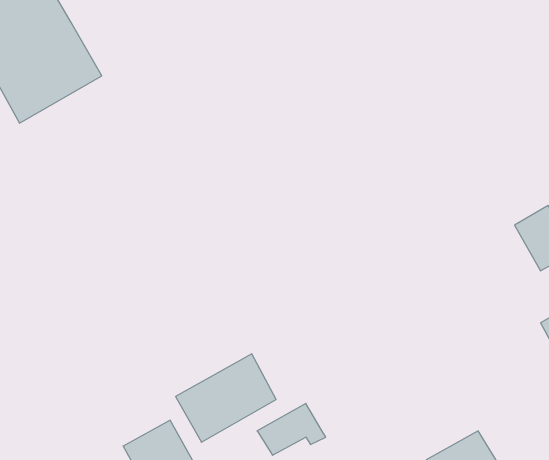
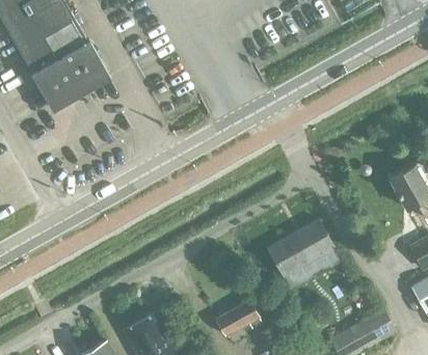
building: [176,354,276,442] -> [266,219,335,279]

